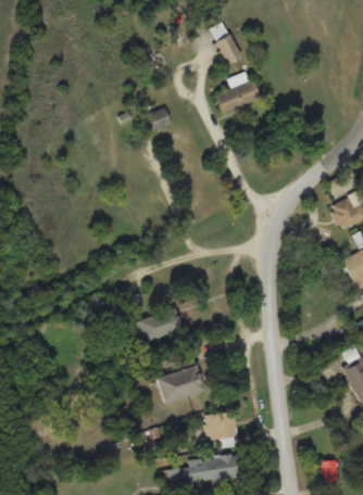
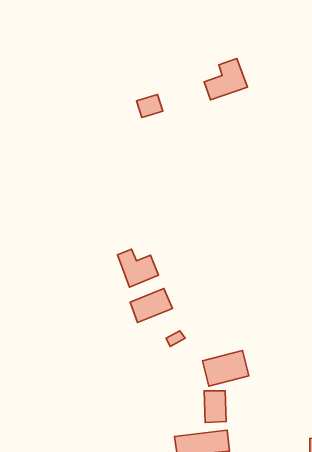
building: [214,33,241,64] -> none
building: none -> [117,249,158,287]
building: [157,366,204,403] -> [202,350,249,386]

